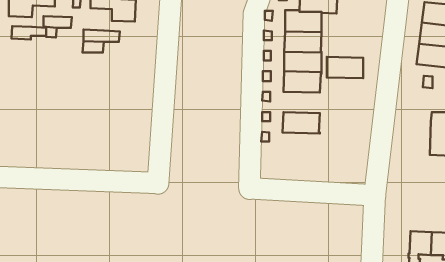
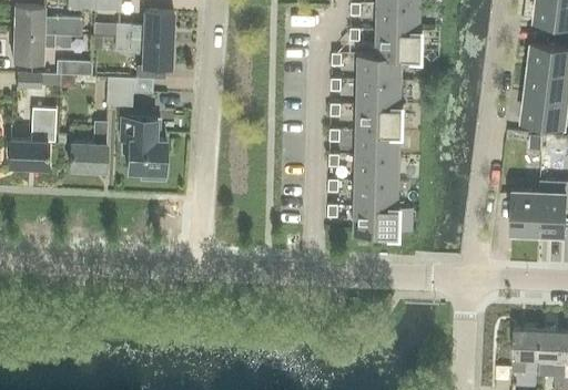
building: none -> [8,107,54,167]
building: [327,57,363,78] -> [355,154,400,181]
building: none -> [119,117,166,179]
building: none -> [69,121,105,170]
building: none -> [511,189,539,233]
building: none -> [353,205,400,233]

